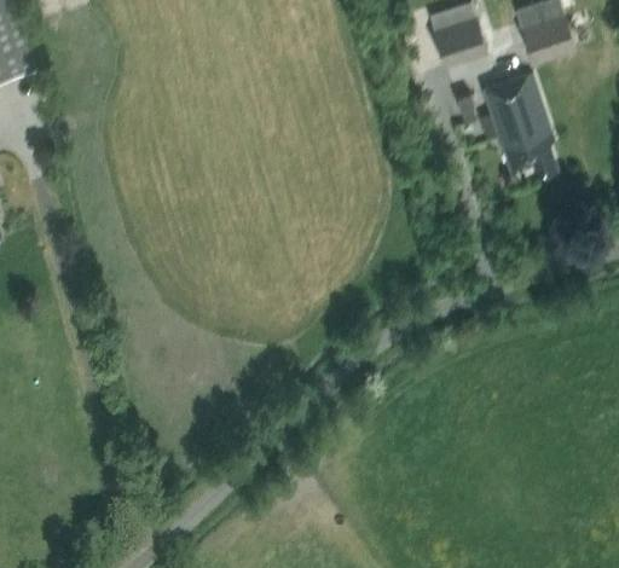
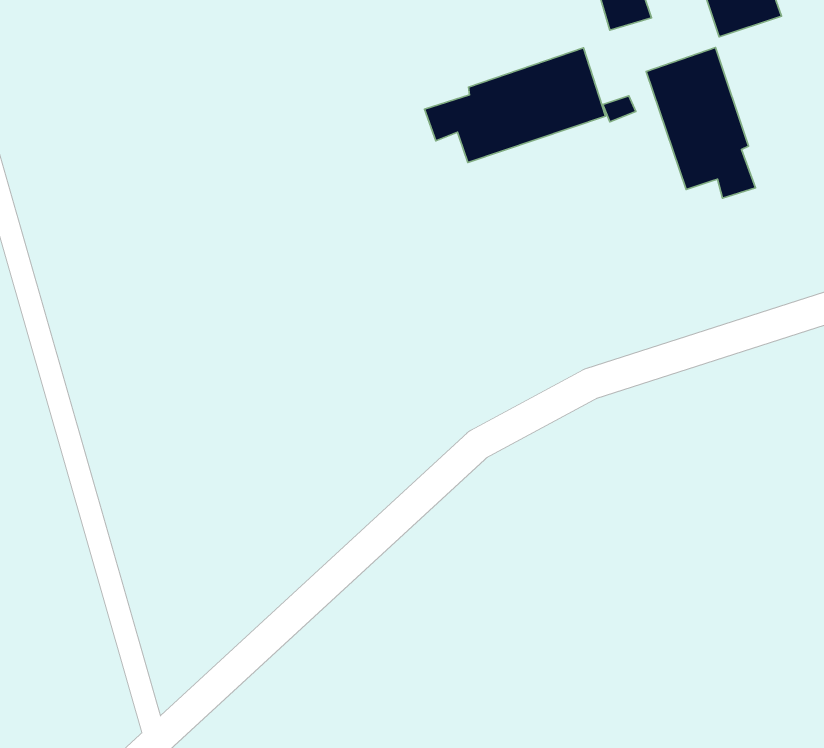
building: none -> [424,48,606,163]

